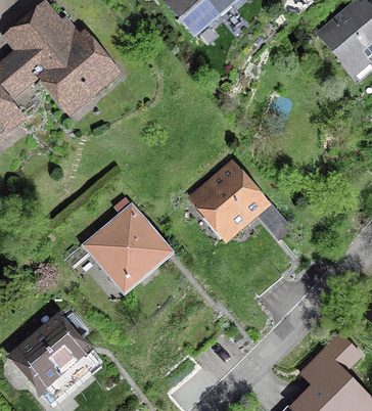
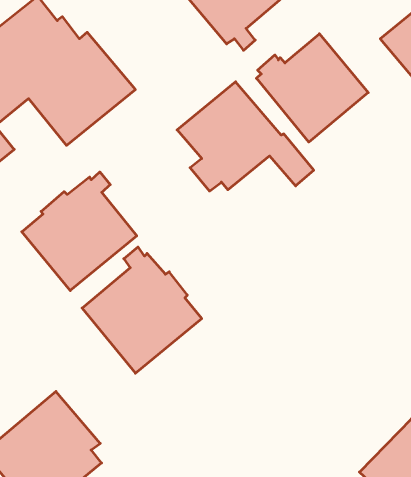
building: none -> [256,34,368,142]
building: none -> [22,172,137,291]
building: [186,157,293,243] -> [177,82,314,191]

